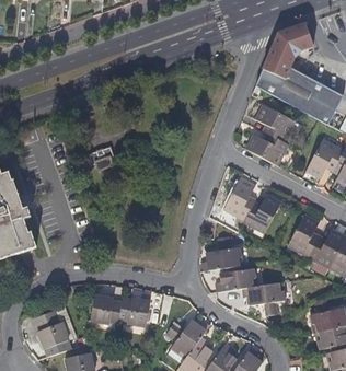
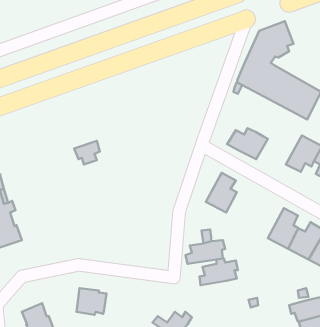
building: [256,106,293,142] -> none
building: [243,195,279,233] -> none
building: [244,285,286,308] -> none
building: [119,299,150,327] -> none

